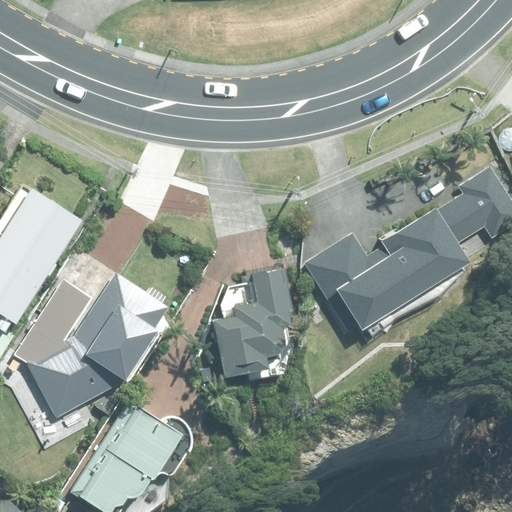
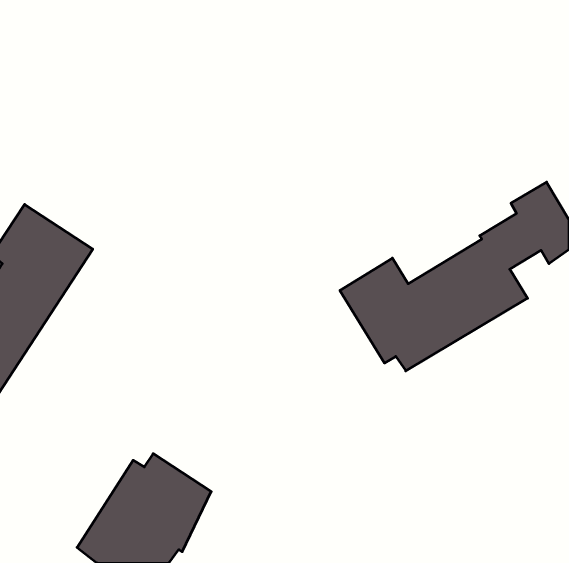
building: [214,265,295,380] -> none
building: [12,269,168,415] -> none

